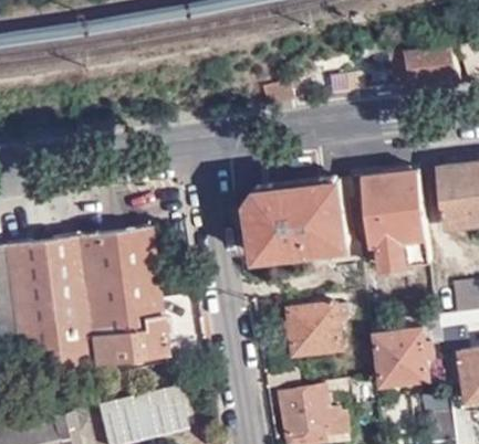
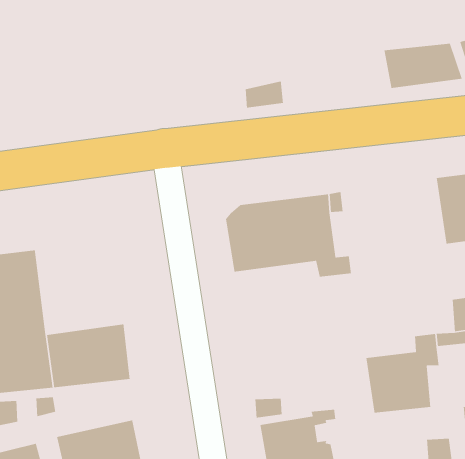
building: [367,172,429,264] -> none
building: [75,229,156,313] -> none
building: [287,304,347,356] -> none

